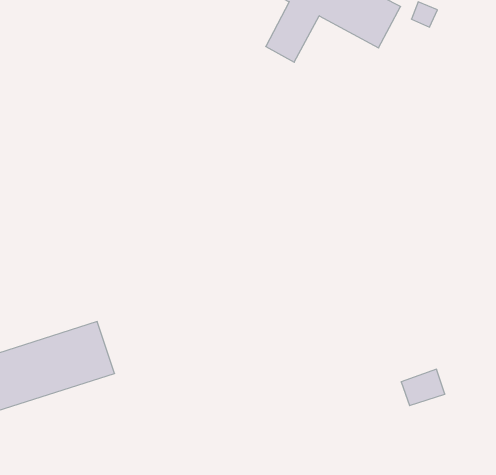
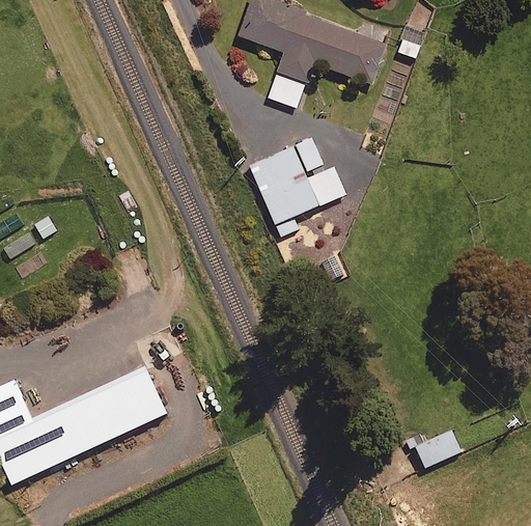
building: none -> [249,137,344,234]
building: [401,369,445,406] -> [419,430,460,466]

